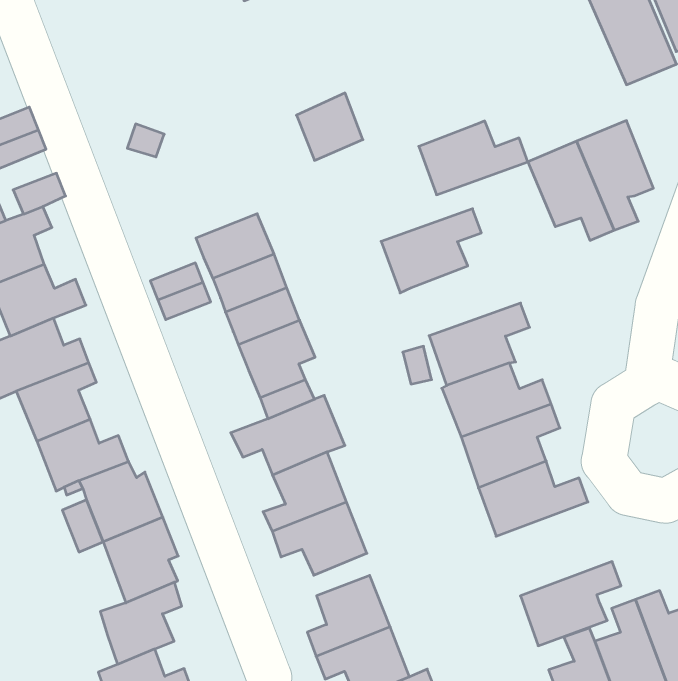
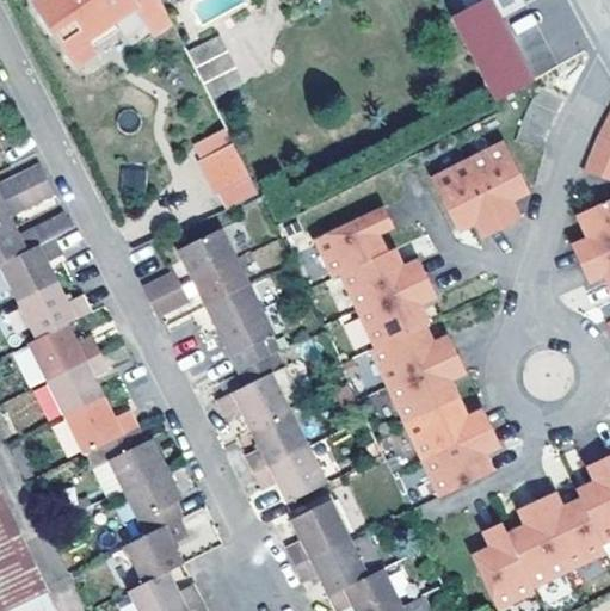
building: [296,93,363,160] -> [196,143,248,197]
building: [419,121,528,195] -> [344,252,429,311]
building: [520,562,621,646] -> [425,428,501,498]

